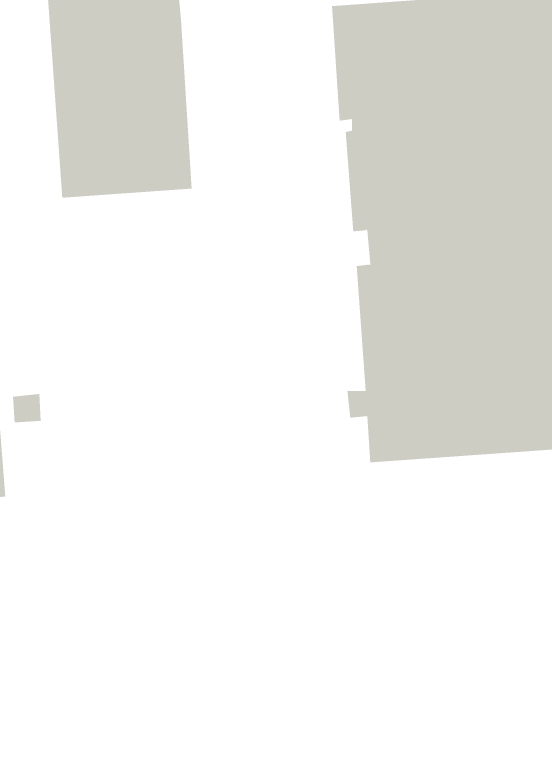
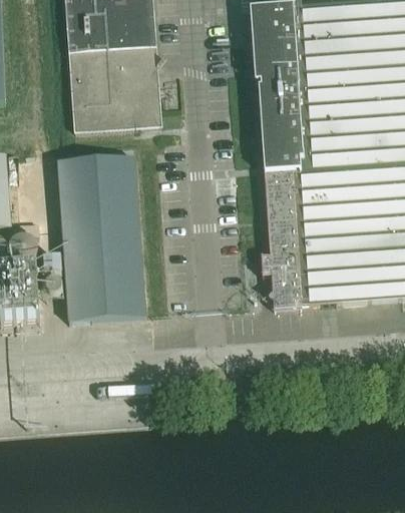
building: none -> [57,153,145,320]

